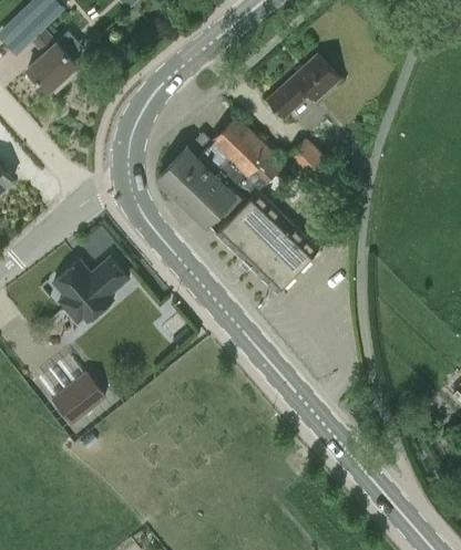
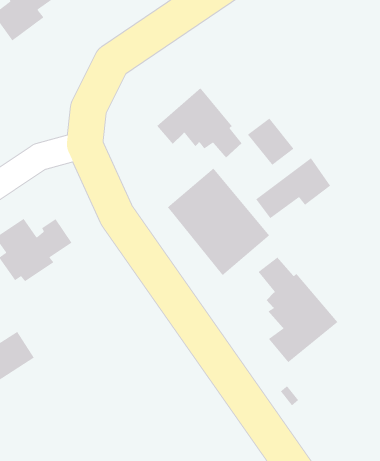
building: [267,53,339,117] -> [255,157,331,219]
building: [158,151,237,228] -> none
building: none -> [257,257,339,363]

